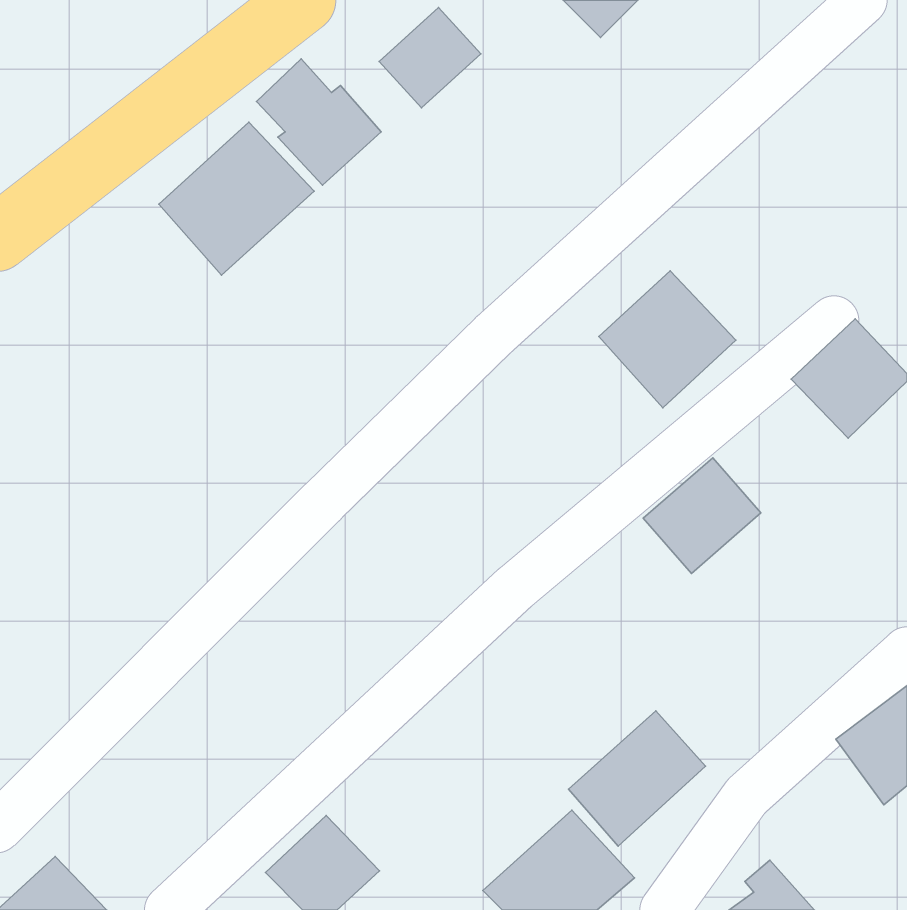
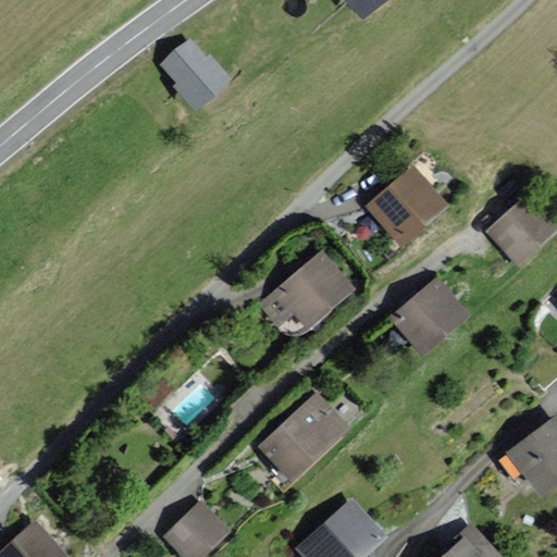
building: [379,7,481,108] -> none
building: [159,122,314,275] -> none
building: none -> [262,252,351,325]
building: [568,711,706,846] -> [261,396,345,479]

